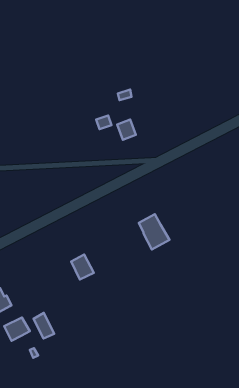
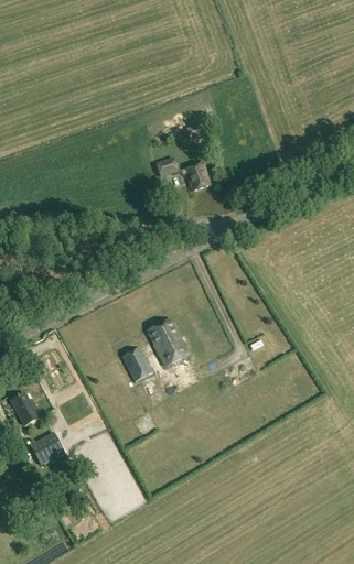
building: [139,214,169,250] -> [147,318,189,367]
building: [33,313,54,339] -> none

